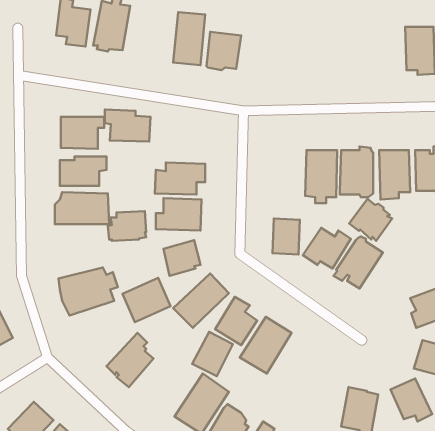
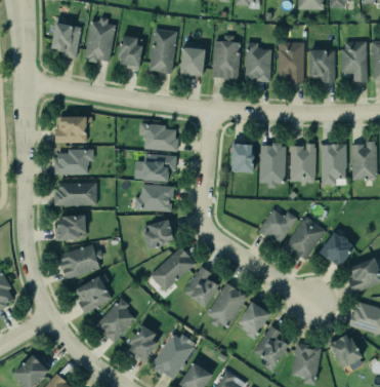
building: none -> [211,35,239,80]
building: none -> [118,38,143,69]
building: none -> [242,41,271,84]
building: none -> [278,43,304,83]
building: none -> [308,49,333,82]
building: [105,110,150,142] -> [139,124,177,151]
building: [349,199,392,241] -> [318,232,353,267]
building: [108,211,146,241] -> [53,216,85,240]
building: [273,219,300,254] -> [231,144,254,173]
building: [123,278,171,322] -> [74,276,114,313]
building: [192,332,233,376] -> [127,325,161,362]
building: none -> [238,302,269,340]
building: none -> [254,325,288,372]

